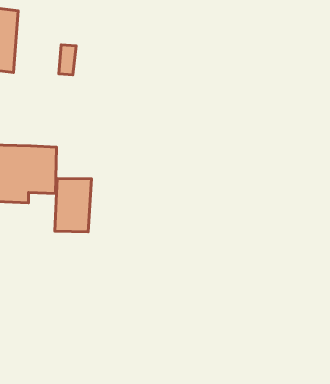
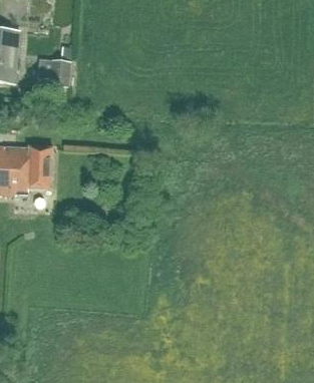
building: [55,178,91,232] -> none

